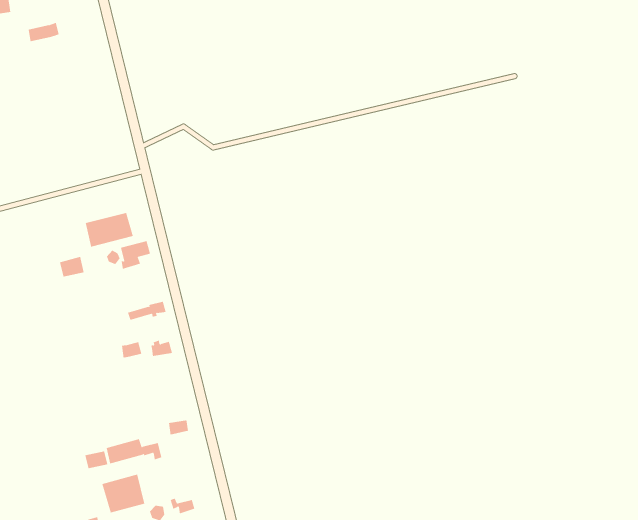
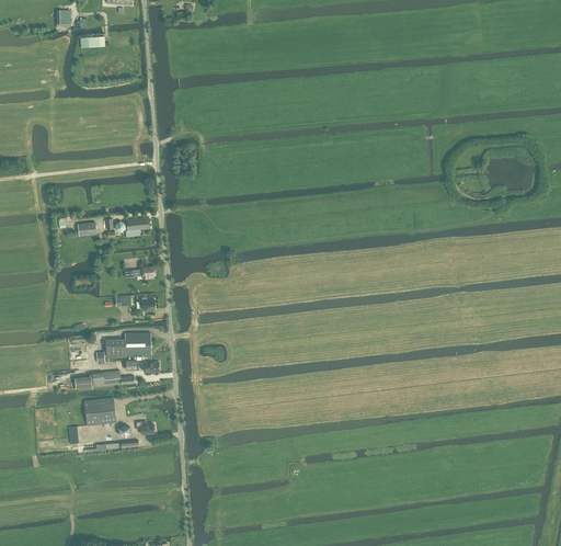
building: [85,212,133,247] -> none
building: none -> [105,332,150,357]

